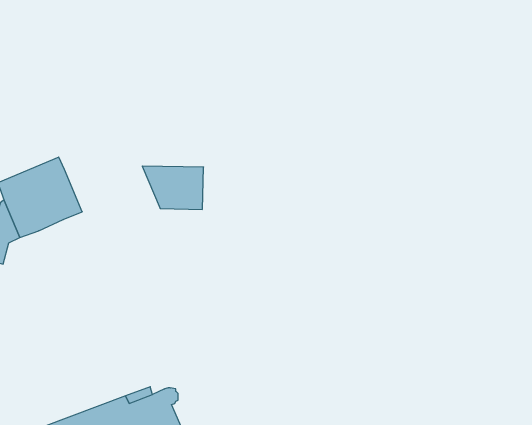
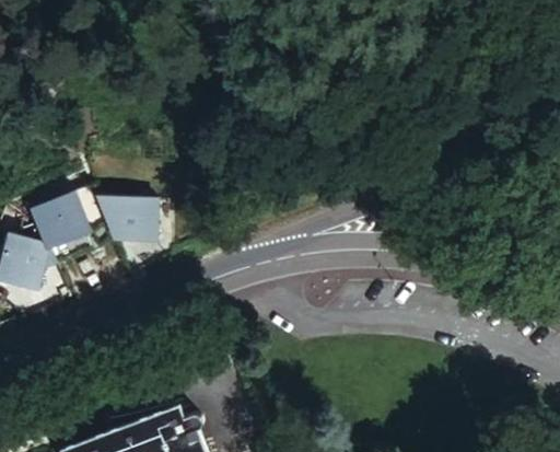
building: [142,166,204,209] -> [93,195,153,237]

